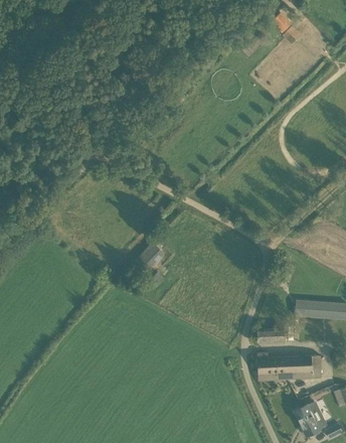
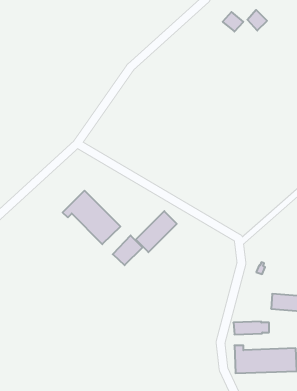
building: none -> [63,191,120,244]
building: none -> [136,211,177,252]

